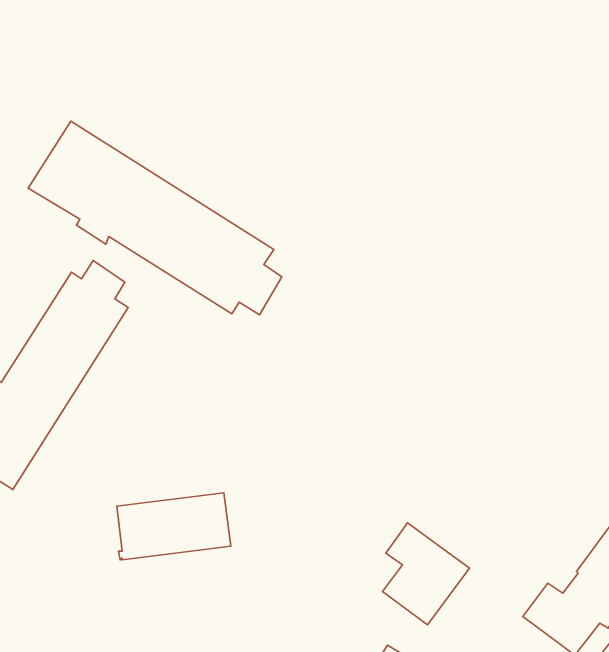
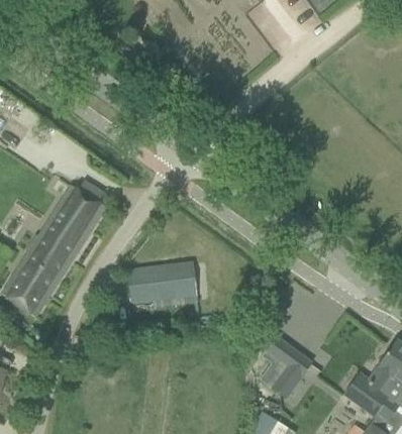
building: [28,121,282,315] -> none
building: [117,493,231,560] -> [128,262,197,303]

